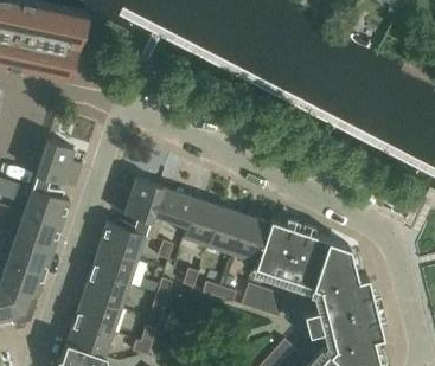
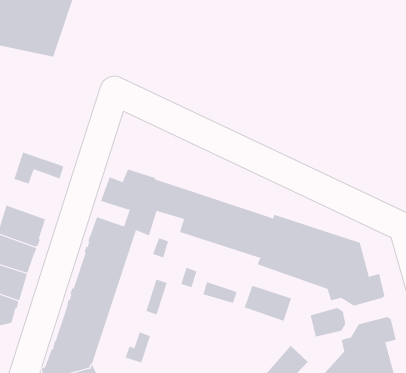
building: [39,140,82,175] -> none
building: [24,187,69,224] -> none

